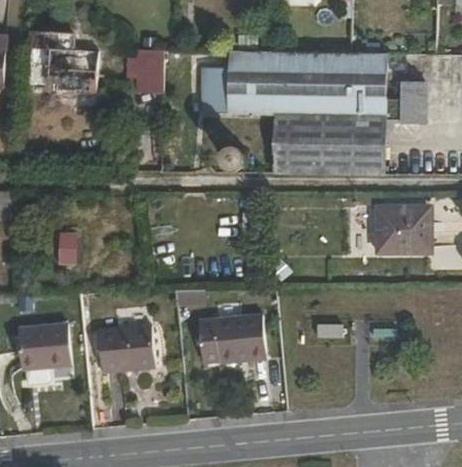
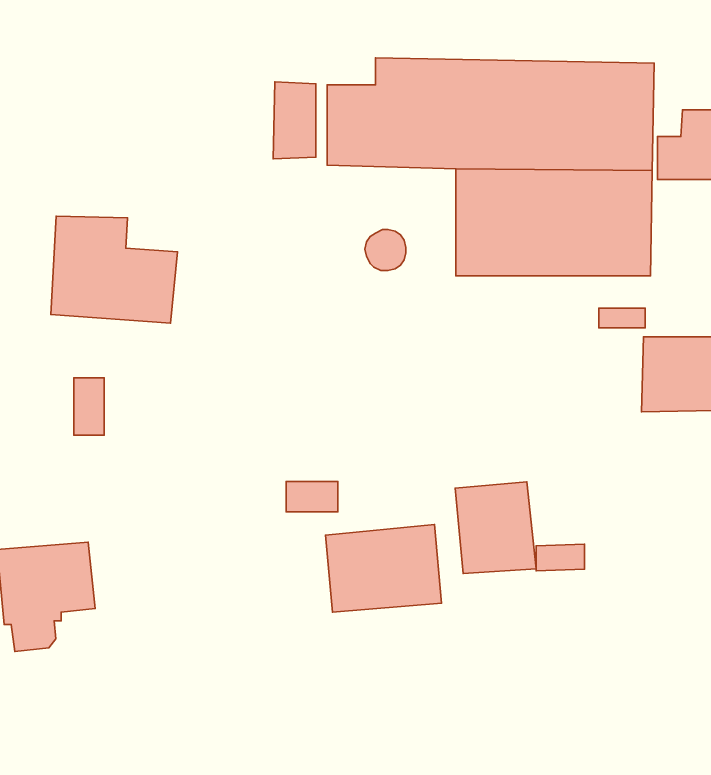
building: [29,31,100,91] -> [51,216,178,323]
building: [138,47,162,90] -> [273,82,316,159]
building: none -> [455,482,536,574]
building: [100,323,155,371] -> none

